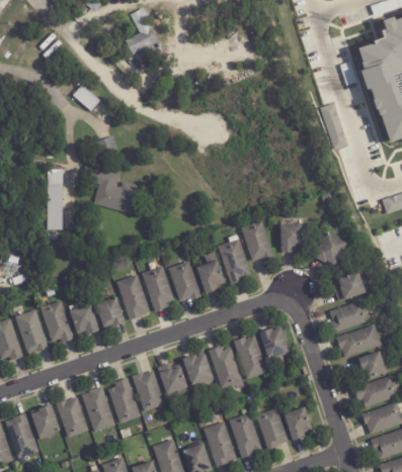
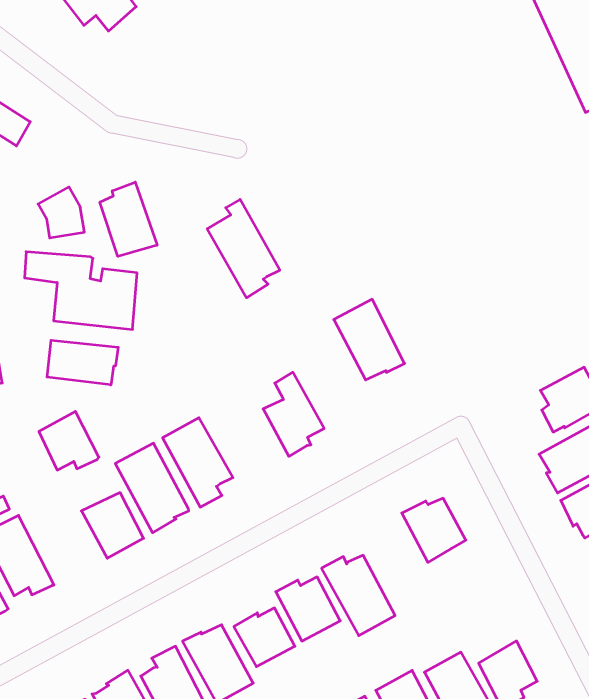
building: [320,103,345,150] -> none
building: none -> [100,182,157,256]
building: none -> [47,340,118,385]
building: [282,224,306,253] -> none
building: [215,232,248,283] -> [207,199,280,298]
building: [315,233,347,267] -> none
building: [166,259,198,300] -> none
building: [68,302,96,332] -> [39,411,99,470]
building: [231,334,264,378] -> none

